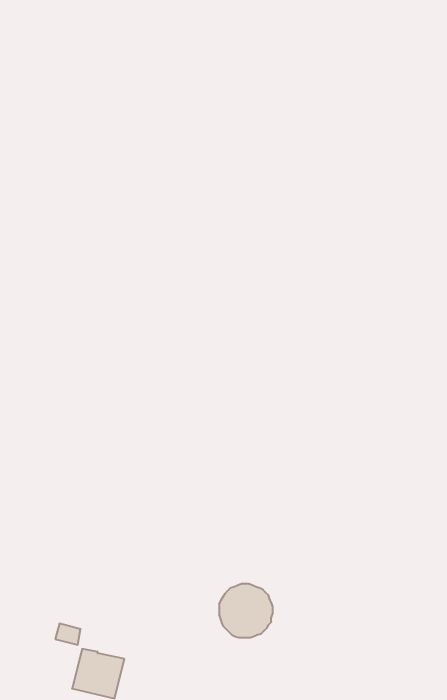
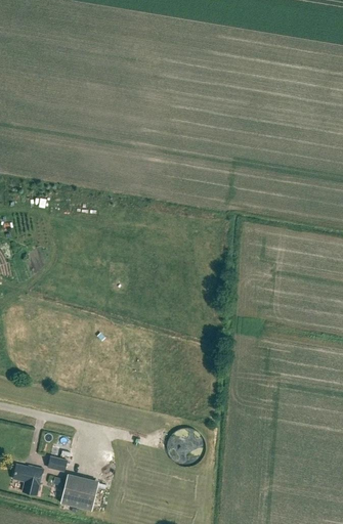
building: none -> [13,464,44,495]

